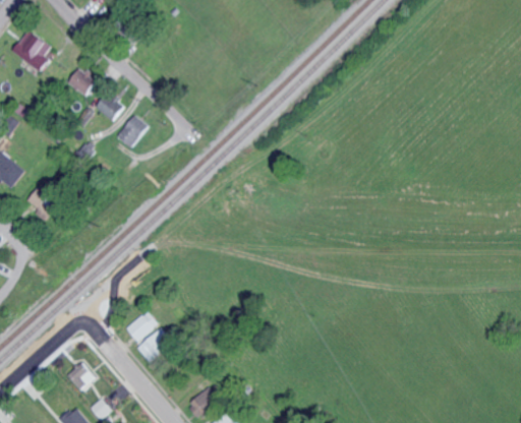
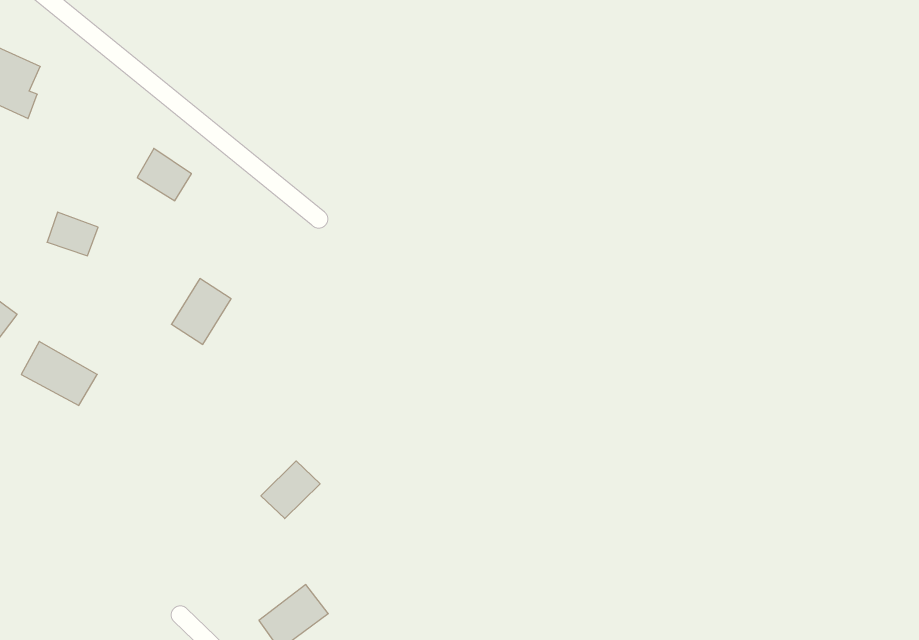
building: [68,70,96,95] -> [47,212,98,256]
building: [117,114,150,148] -> [171,279,231,344]
building: [125,312,157,342] -> [261,461,320,519]

